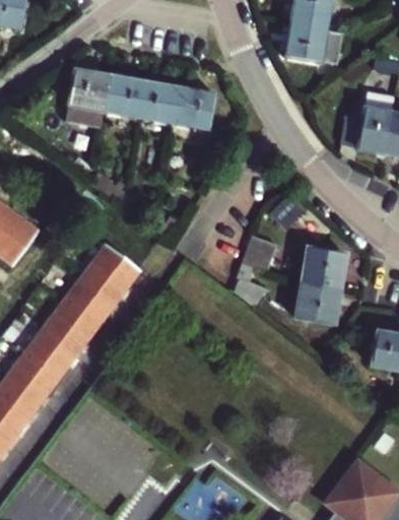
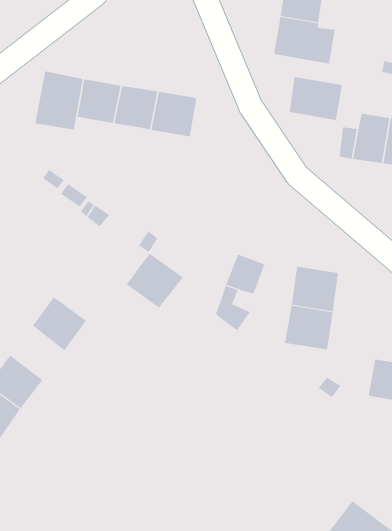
building: none -> [289,76,343,121]
building: [85,246,138,297] -> [126,253,184,309]
building: [46,301,95,350] -> none

